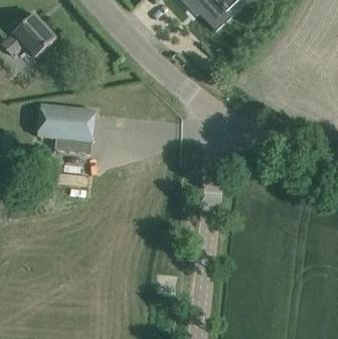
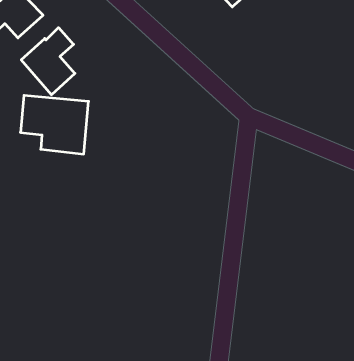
building: none -> [21,28,75,95]

